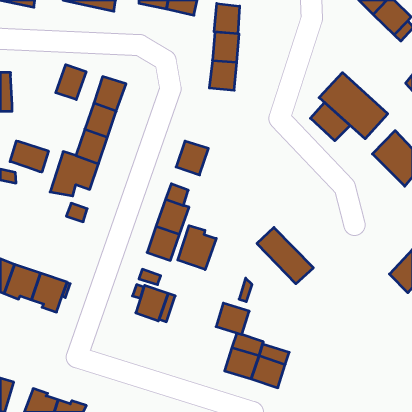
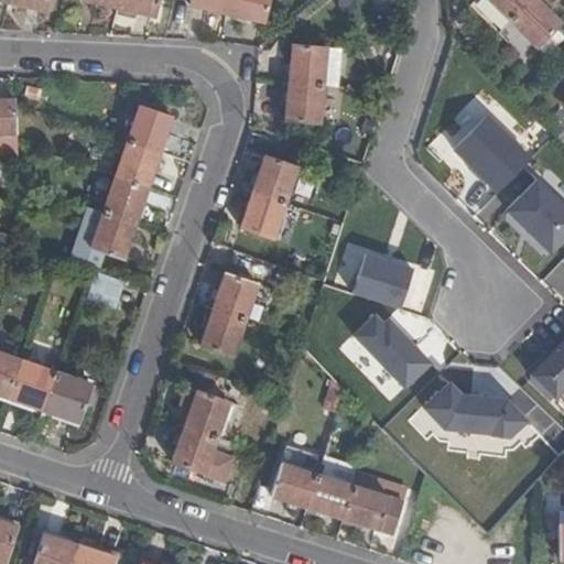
building: [214,3,240,34] -> none
building: [56,65,86,100] -> none
building: [310,102,350,141] -> none
building: none -> [253,155,297,203]
building: [10,141,48,172] -> none
building: none -> [350,253,412,308]
building: [178,226,216,270] -> none
building: none -> [423,381,530,437]
building: [216,303,249,335] -> [272,464,317,507]
building: none -> [173,427,232,480]

